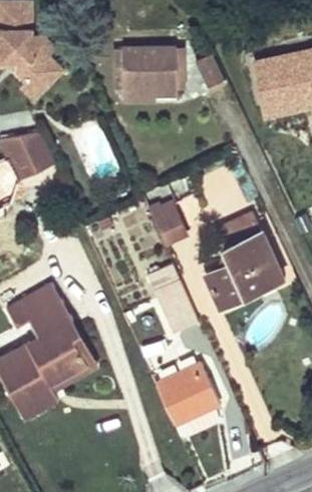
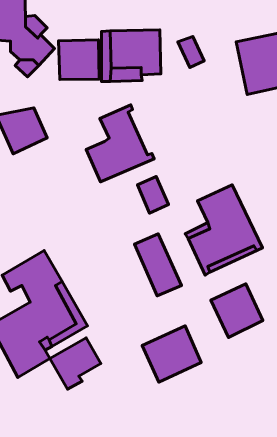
building: none -> [58,40,99,80]
building: none -> [86,105,154,182]
building: none -> [211,284,263,337]
building: none -> [50,338,101,389]

